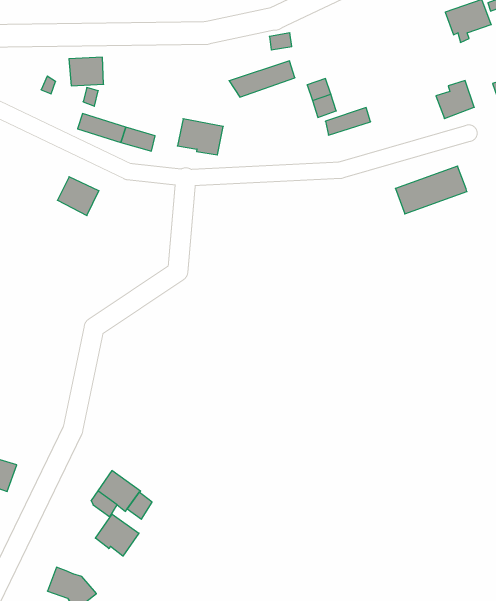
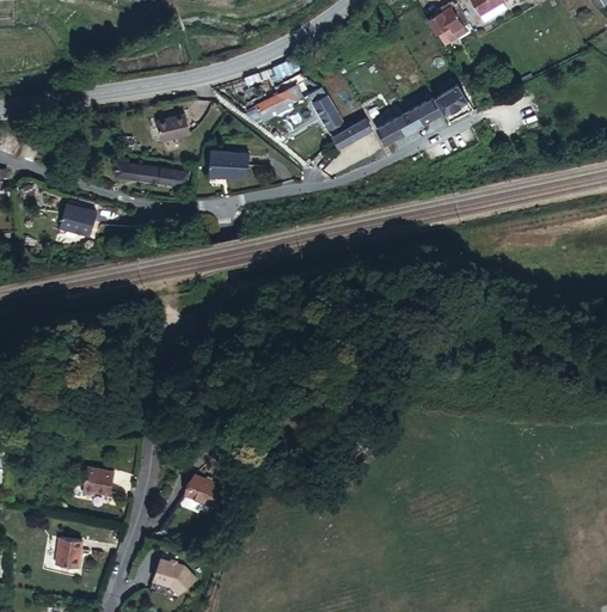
building: [69,57,104,86] -> [154,112,189,142]
building: [395,166,467,214] -> [380,94,444,145]
building: [57,177,99,216] -> [60,202,96,234]
building: [95,514,139,556] -> none

